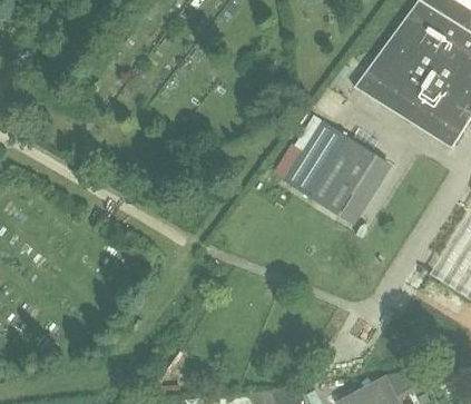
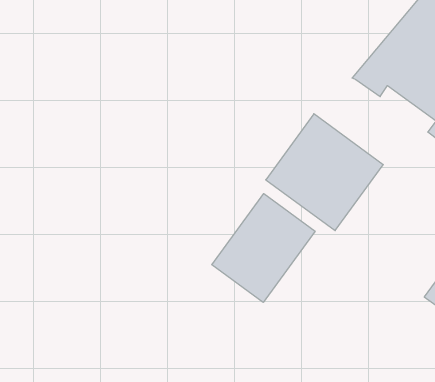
building: none -> [212,194,315,302]

